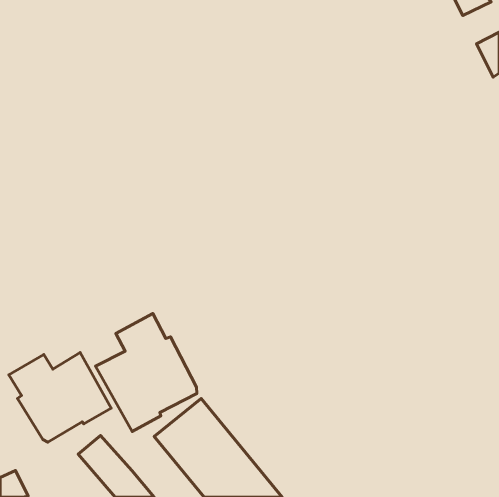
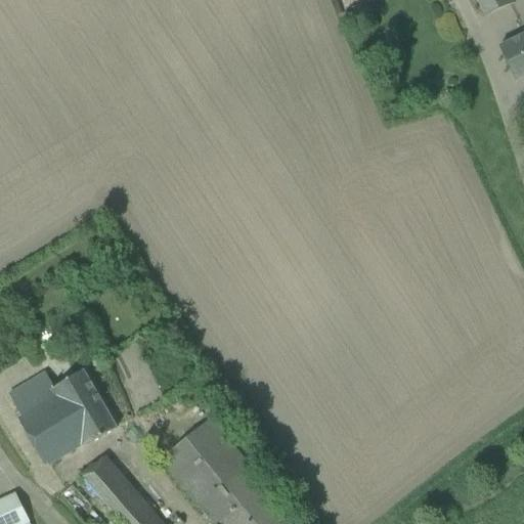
building: [96,313,197,432] -> none

